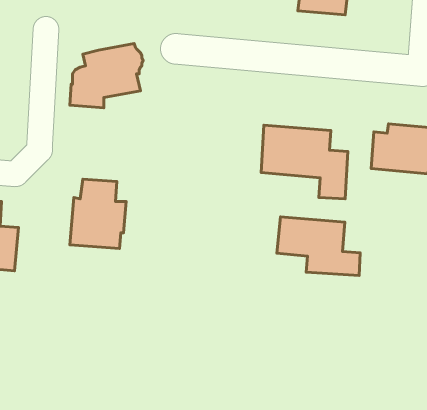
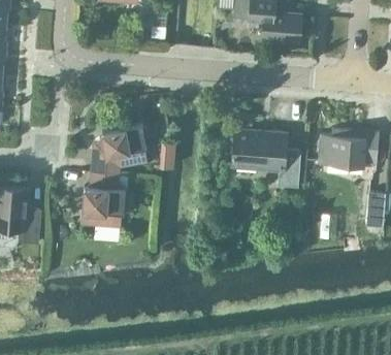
building: [70,44,143,108] -> [92,124,150,174]
building: [277,217,360,276] -> none

